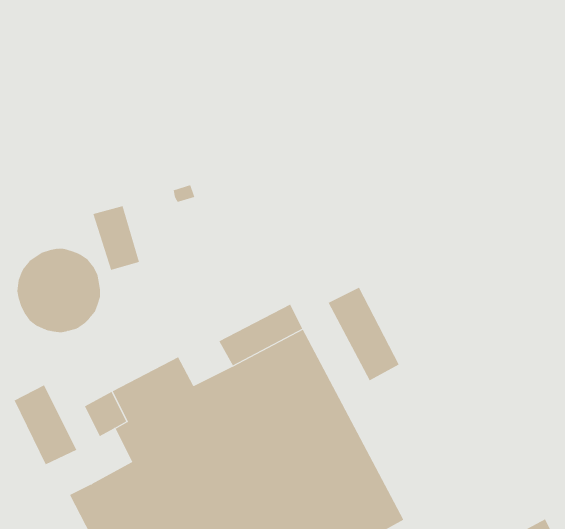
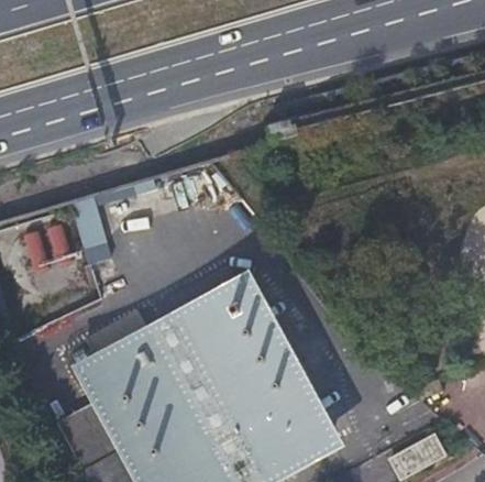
building: [328,287,399,381] -> none
building: [14,384,77,465] -> none

